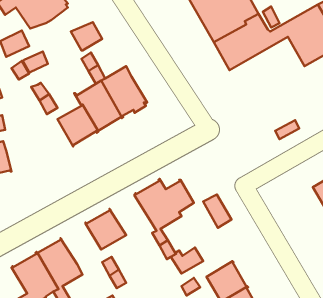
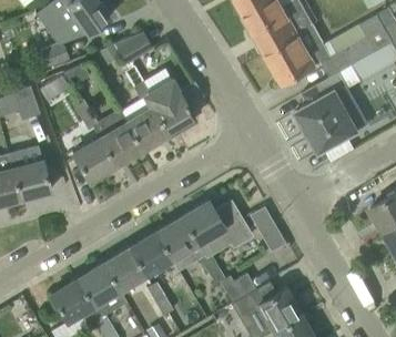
building: none -> [294,72,368,151]
building: none -> [72,136,115,181]
building: none -> [154,217,204,270]
building: none -> [102,247,145,290]

